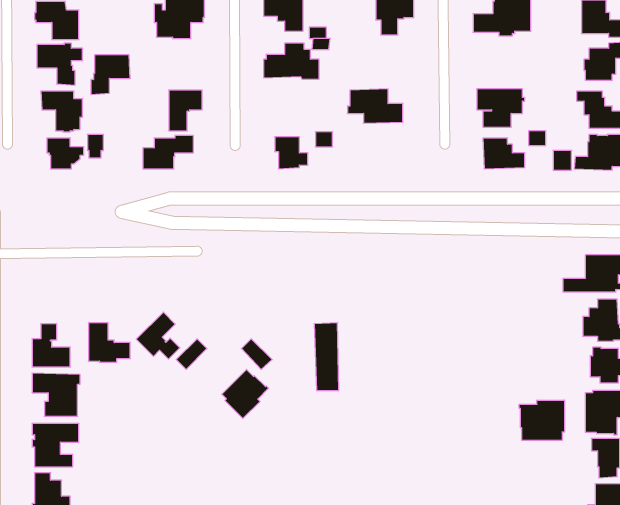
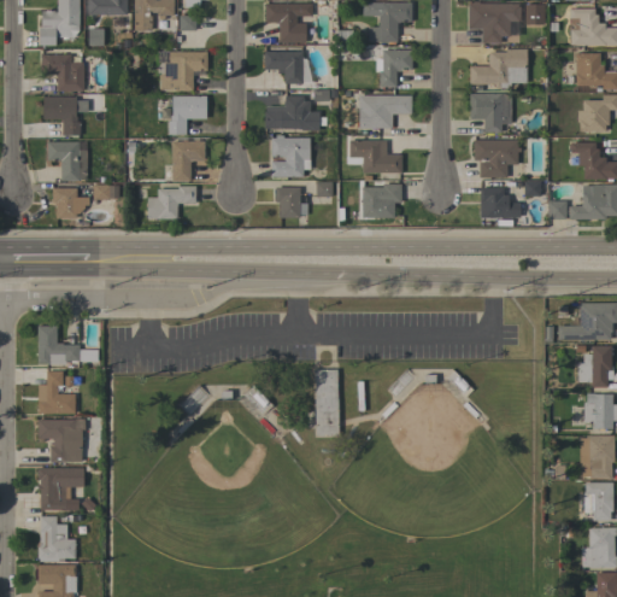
building: none -> [470,94,511,133]
building: none -> [359,95,412,128]
building: [91,55,130,94] -> [169,96,207,135]
building: none -> [271,135,311,177]
building: none -> [363,185,401,217]
building: [136,312,180,359] -> none
building: [88,323,130,362] -> [39,326,80,364]
building: [222,369,269,418] -> none
building: [519,400,565,440] -> none

